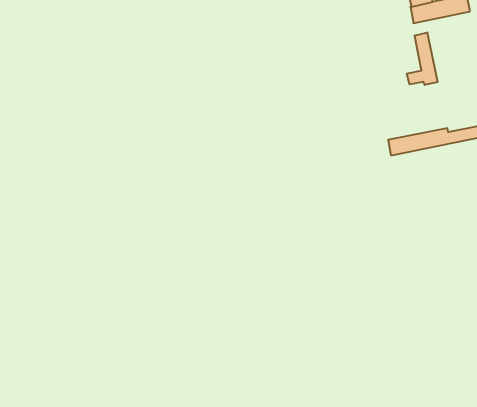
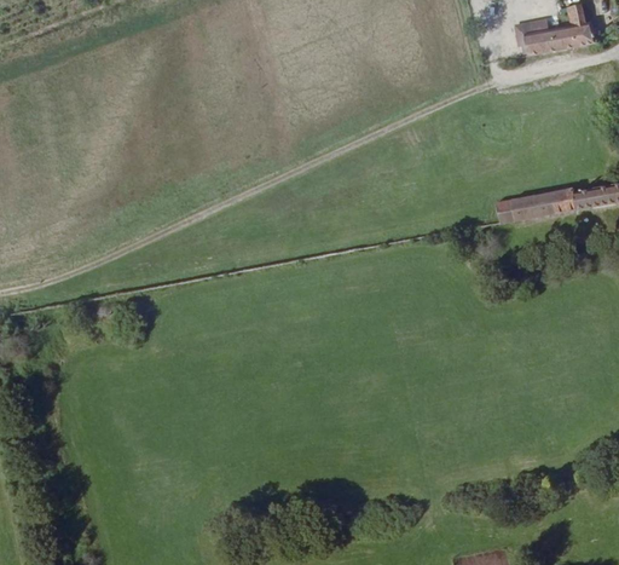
building: [407,32,438,85] -> none

